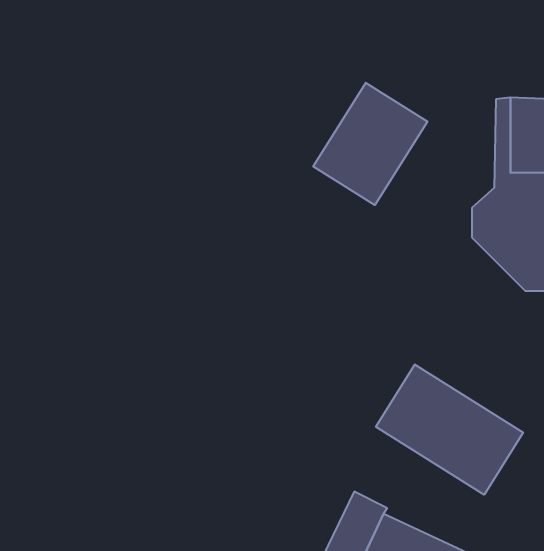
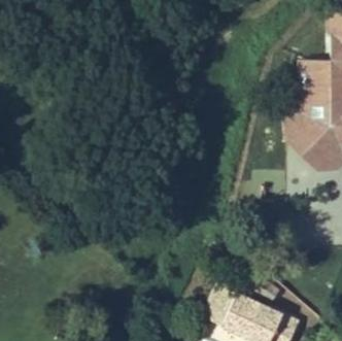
building: [313,83,427,205] -> none
building: [376,364,523,495] -> none

